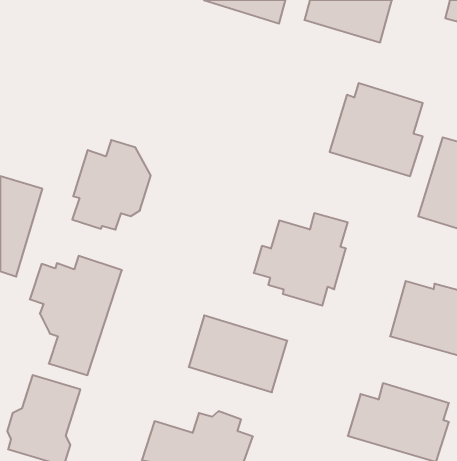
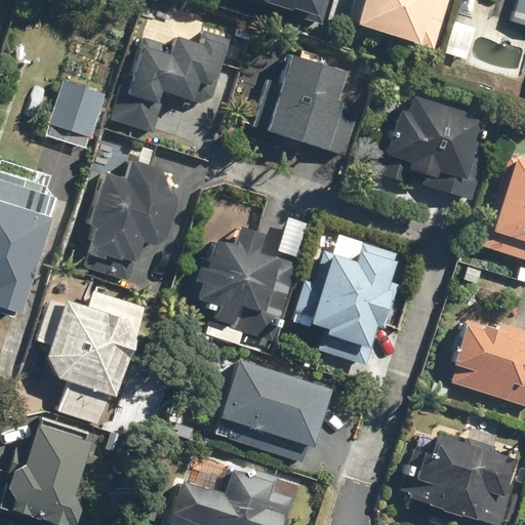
building: none -> [109,31,228,132]
building: none -> [251,54,356,154]
building: none -> [50,81,105,138]
building: none -> [196,227,296,338]

